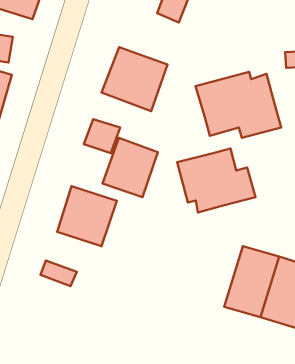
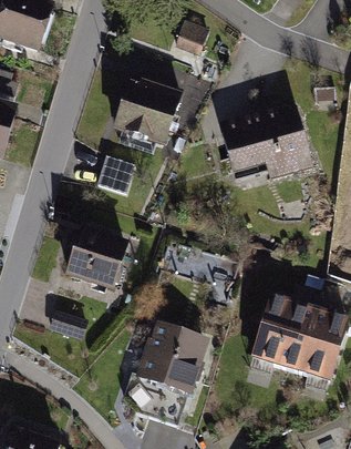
building: [102,138,158,197] -> none
building: [177,148,255,212] -> none
building: none -> [138,320,210,395]

